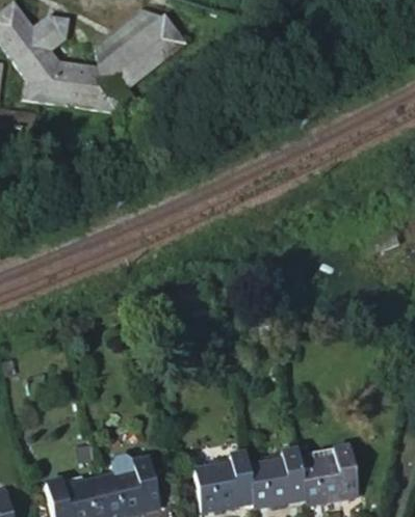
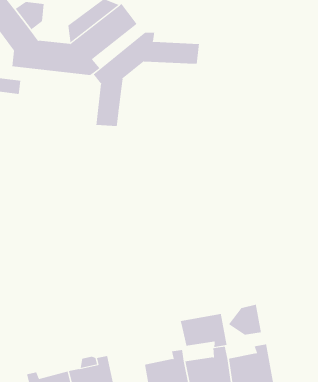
building: none -> [93,32,199,127]
building: none -> [228,304,262,336]
building: none -> [180,313,227,348]

